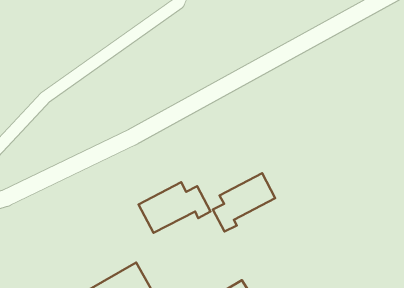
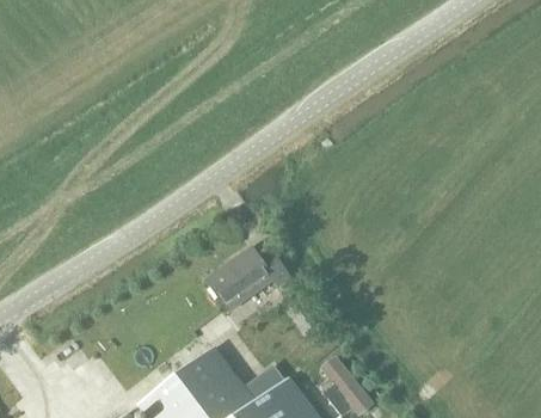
building: [213,173,275,232] -> none

